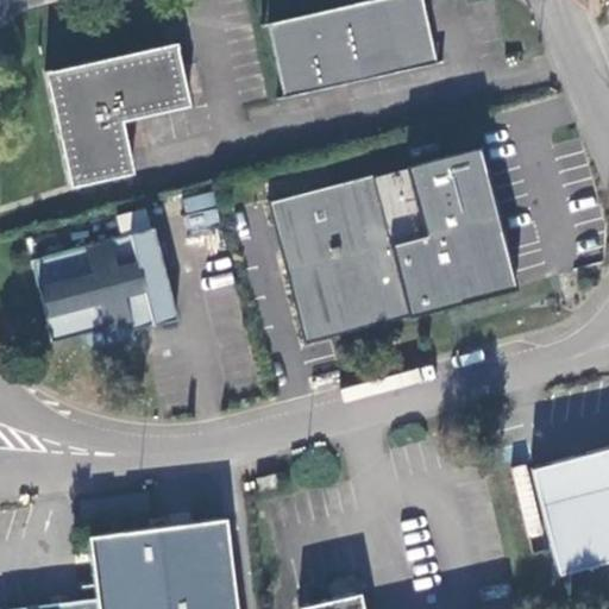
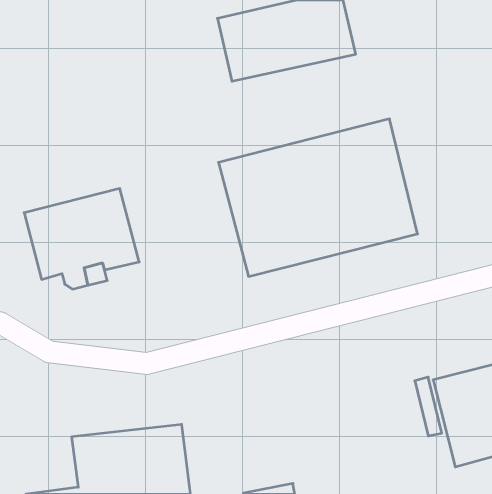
building: [49,46,189,186] -> none

